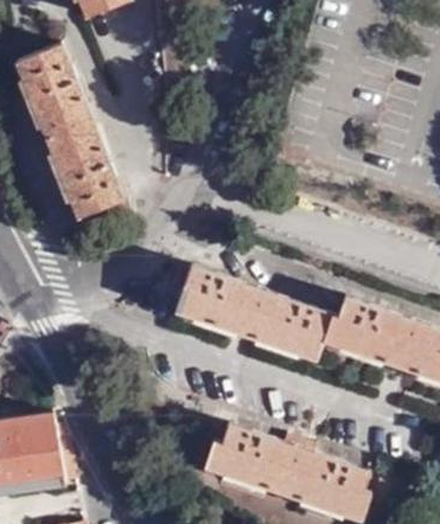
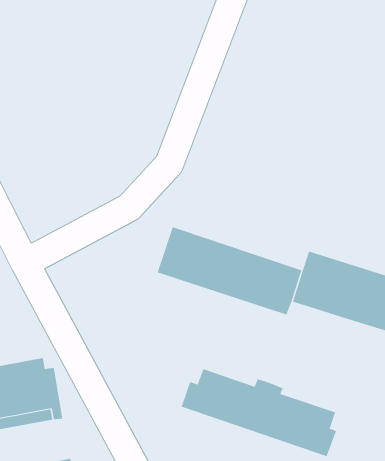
building: [11,40,126,221] -> none

